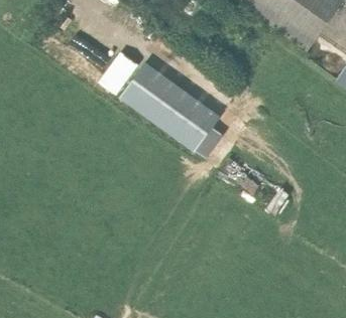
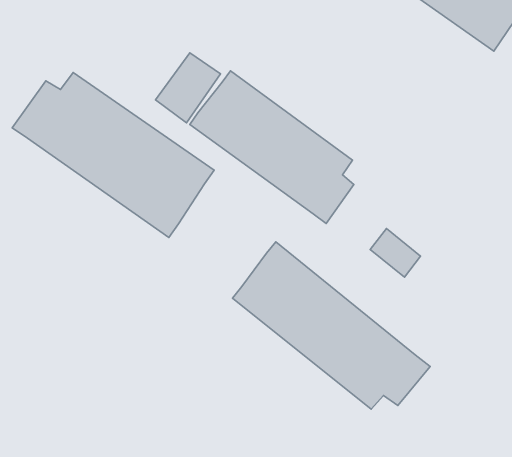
building: none -> [12,73,214,238]
building: none -> [232,242,430,409]

